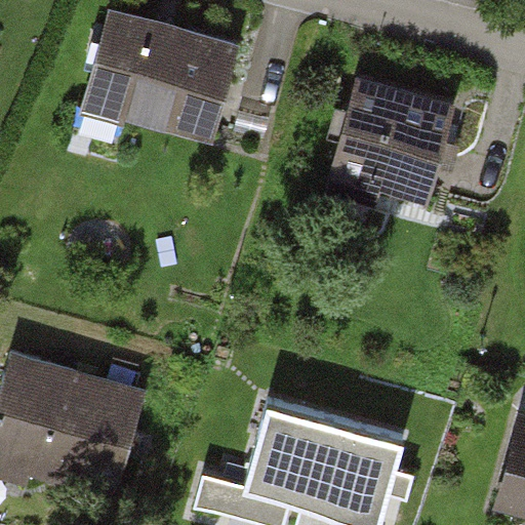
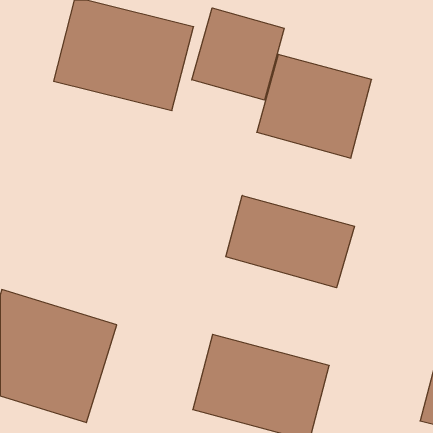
building: none -> [192,8,284,100]
building: none -> [226,195,354,288]

